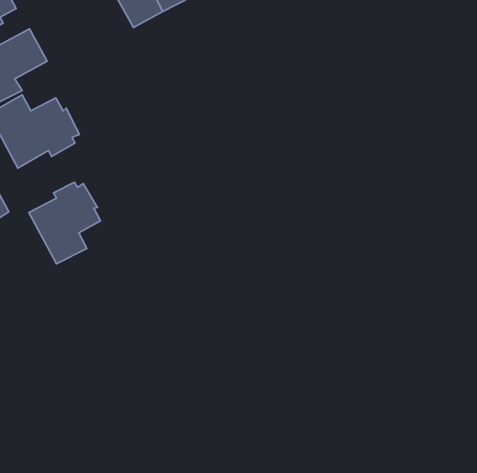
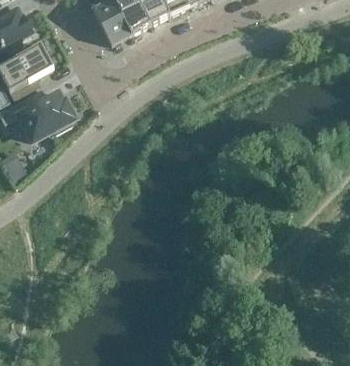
building: [29,182,100,264] -> none

